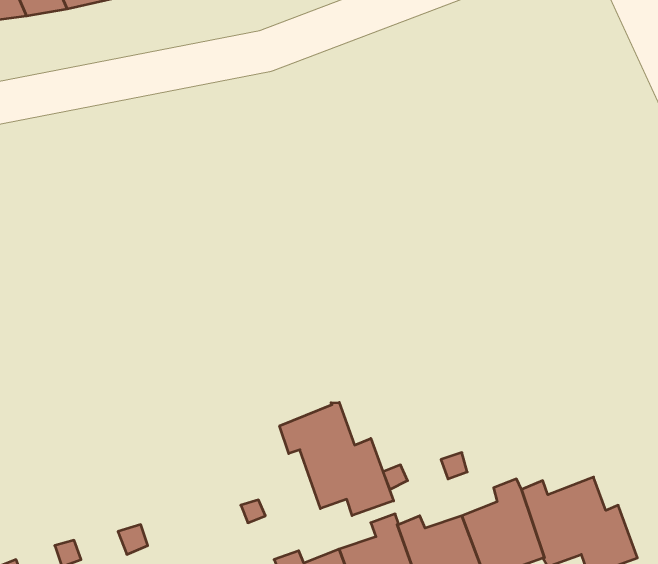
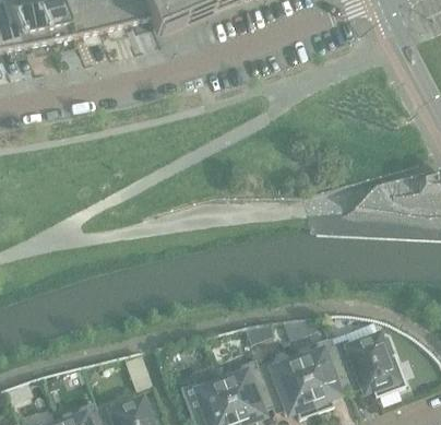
building: [280,402,394,516] -> none

